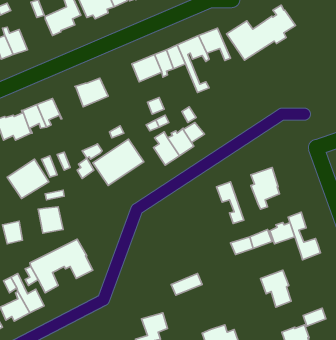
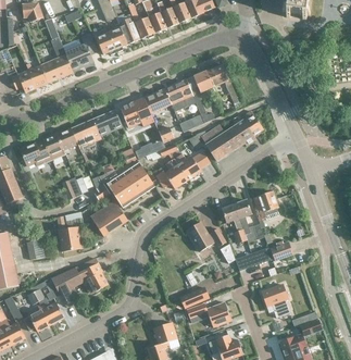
building: [227,5,296,60] -> [200,110,263,160]
building: none -> [40,54,72,83]
building: none -> [118,97,153,129]
building: none -> [71,117,100,146]
building: [7,159,49,199] -> [89,199,127,235]
building: none -> [186,221,225,250]
building: [288,212,320,260] -> [234,199,263,243]
building: none -> [199,301,230,326]

